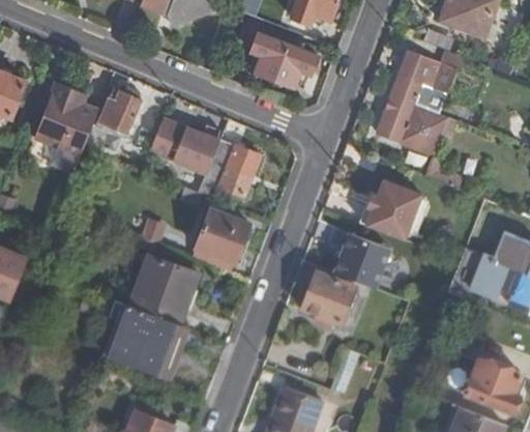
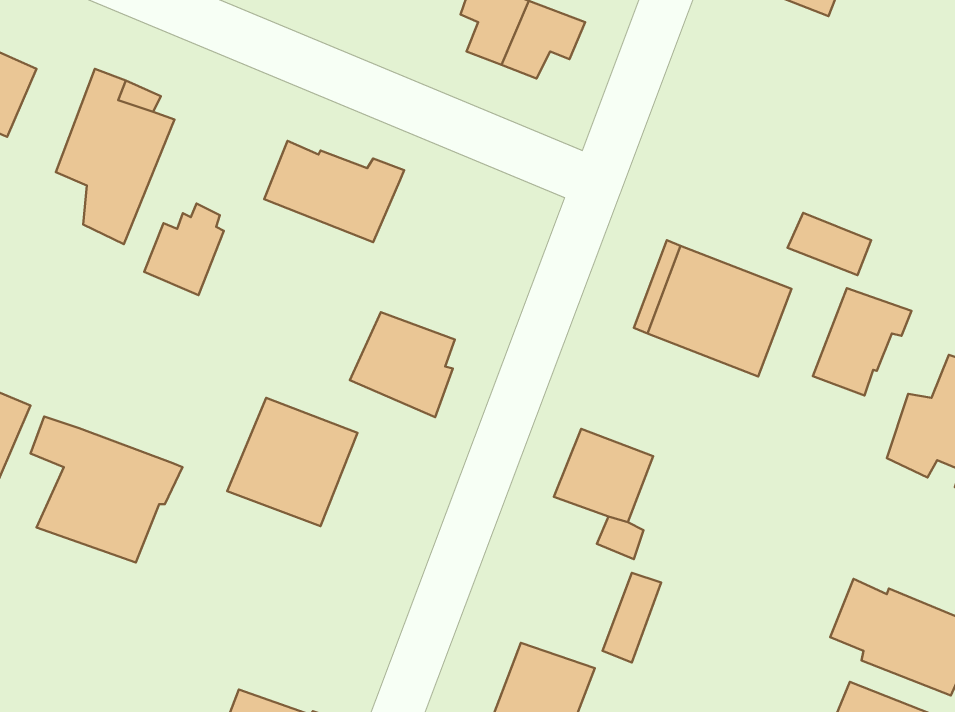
building: [377,50,458,154] -> none
building: [98,86,141,135] -> [144,204,224,295]
building: [202,140,261,200] -> none
building: none -> [813,288,912,396]
building: [334,233,391,288] -> none
building: [101,299,182,377] -> [31,417,182,563]

